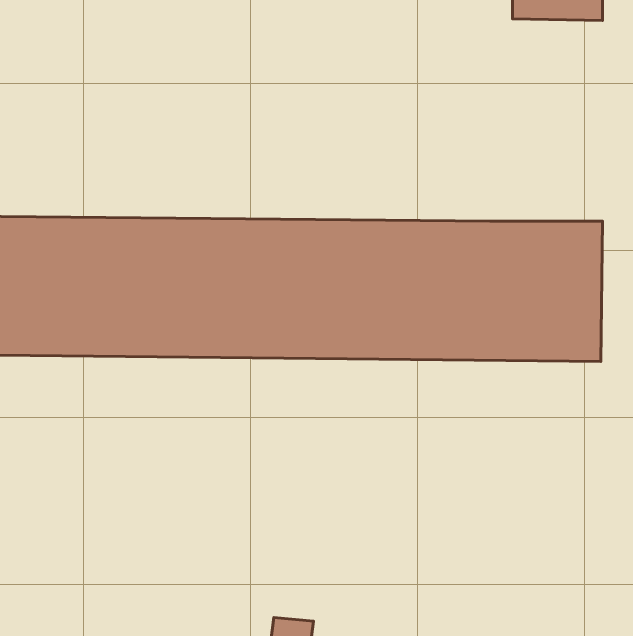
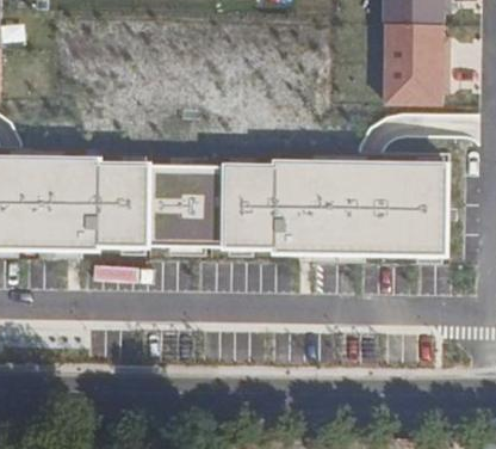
building: none -> [384,19,447,98]

